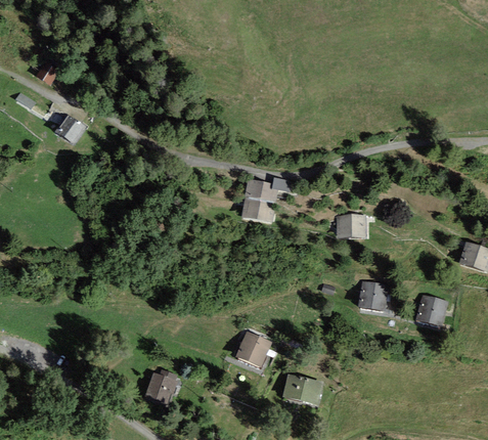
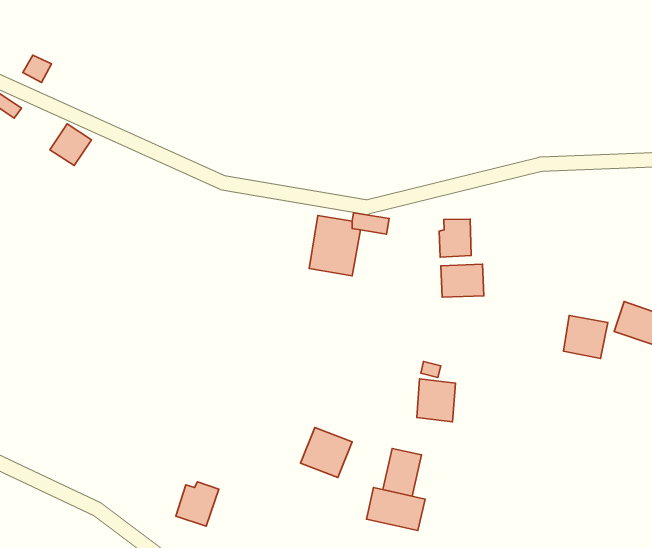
building: none -> [439,219,471,257]
building: [359,281,387,312] -> [417,379,455,422]
building: [416,296,448,326] -> [563,315,608,358]
building: none -> [383,448,421,496]

